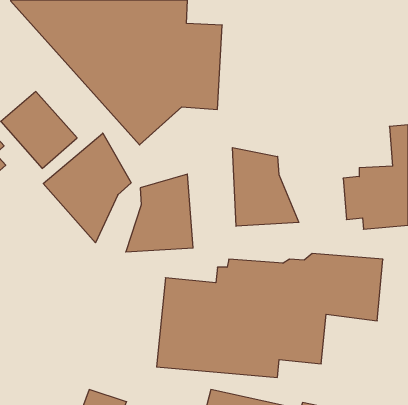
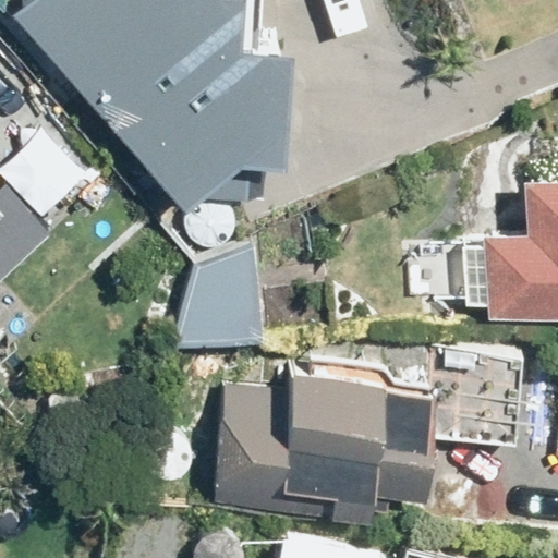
building: [43,133,131,243] -> none
building: [232,148,299,226] -> none

